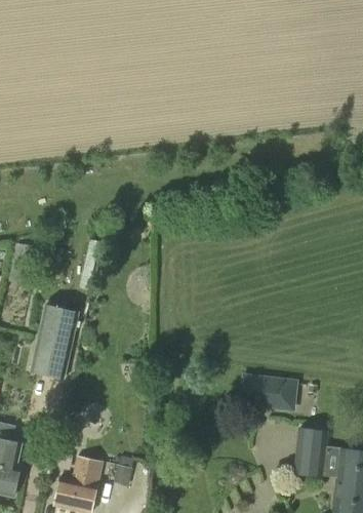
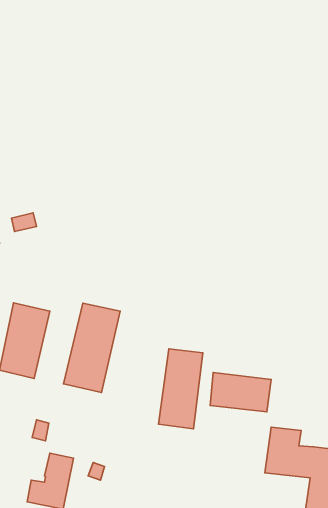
building: none -> [63,303,120,392]
building: none -> [158,349,203,429]

